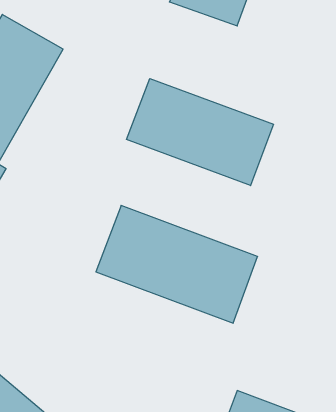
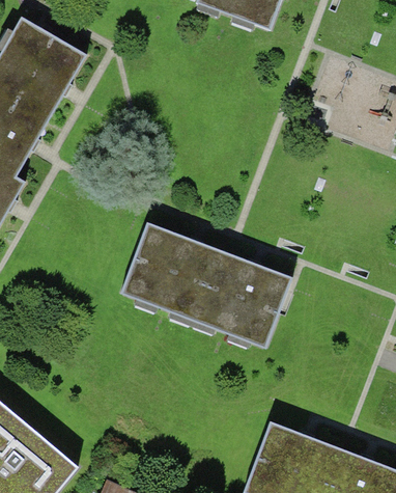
building: [126,79,273,186] -> none

